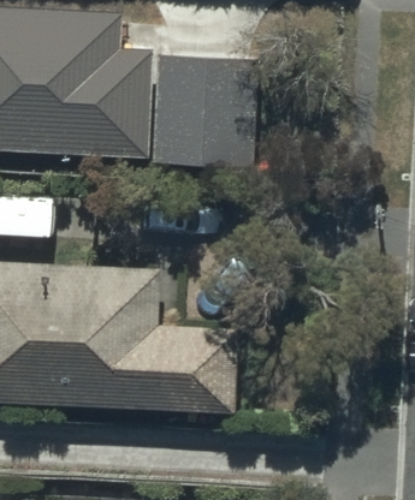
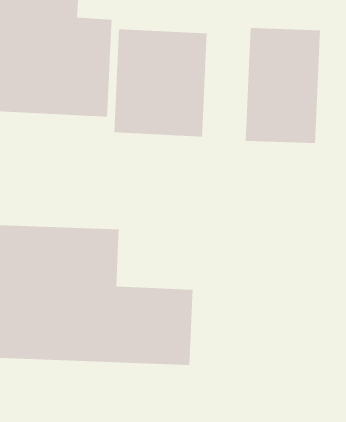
building: none -> [245,27,321,144]

